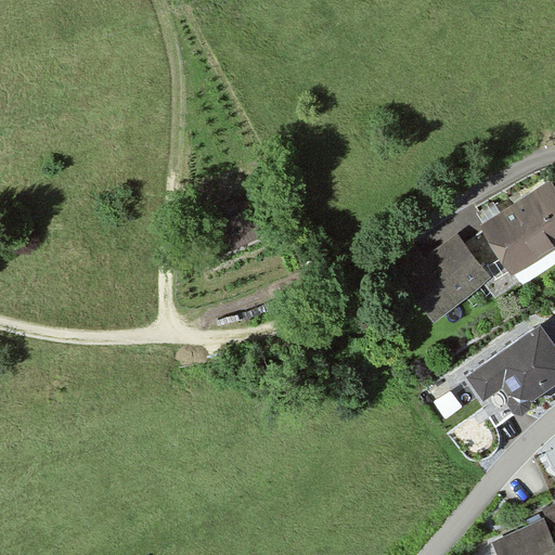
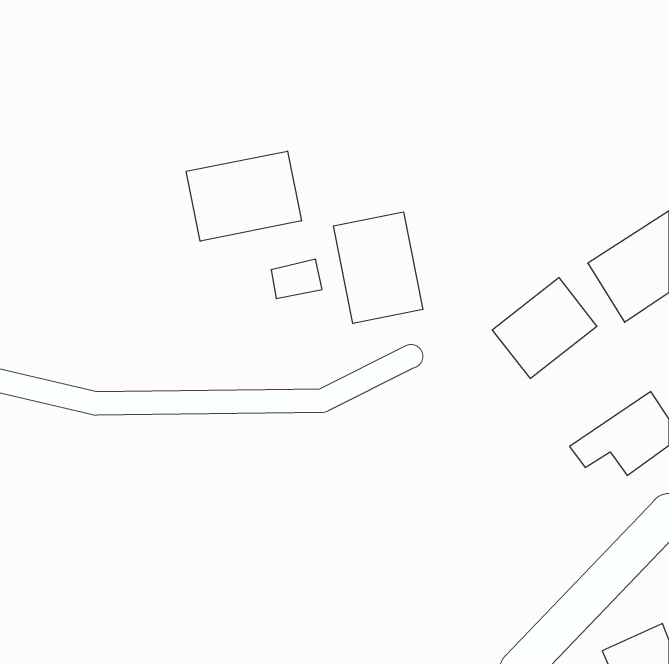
building: none -> [186,151,302,241]
building: none -> [333,212,423,324]

